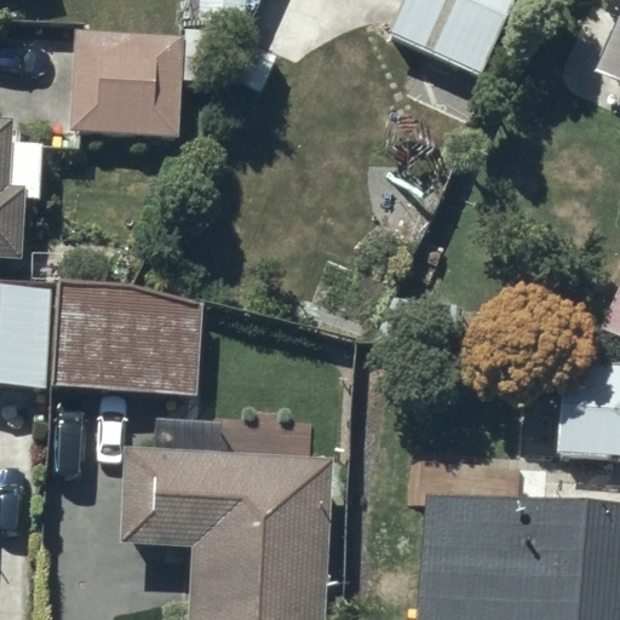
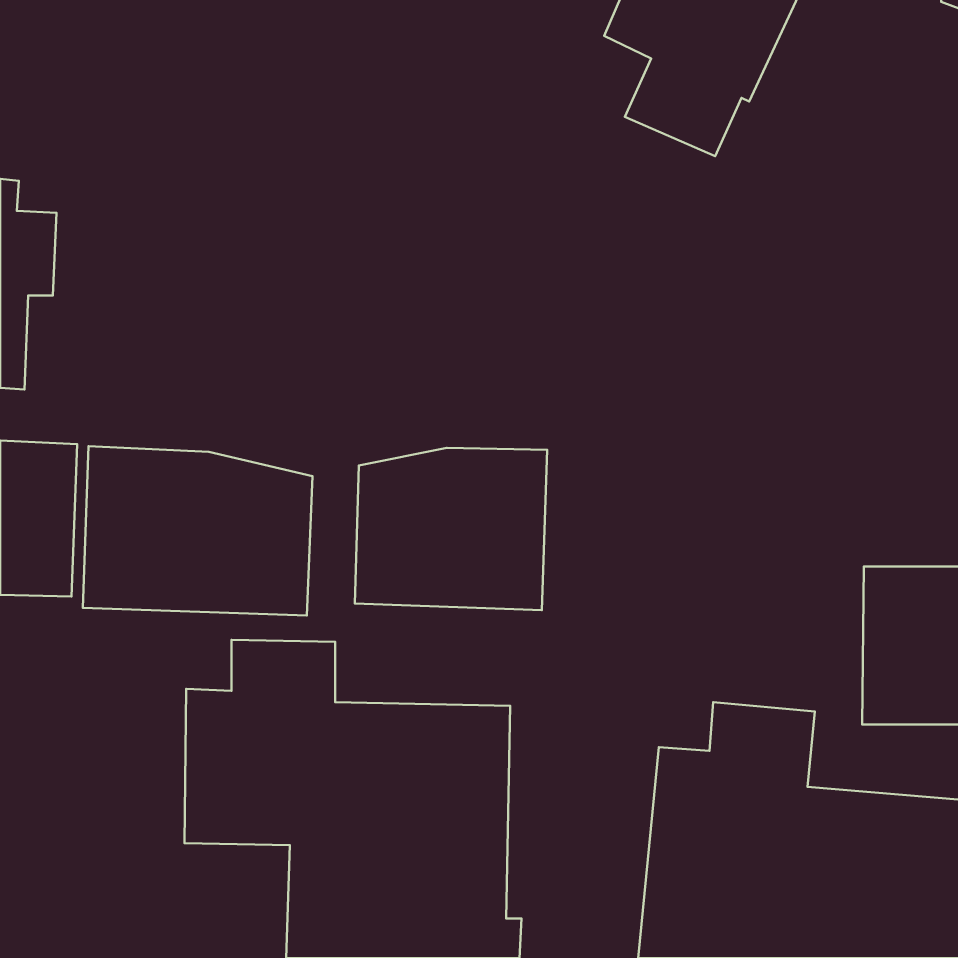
building: [70,35,217,153] -> none
building: none -> [355,448,547,610]

